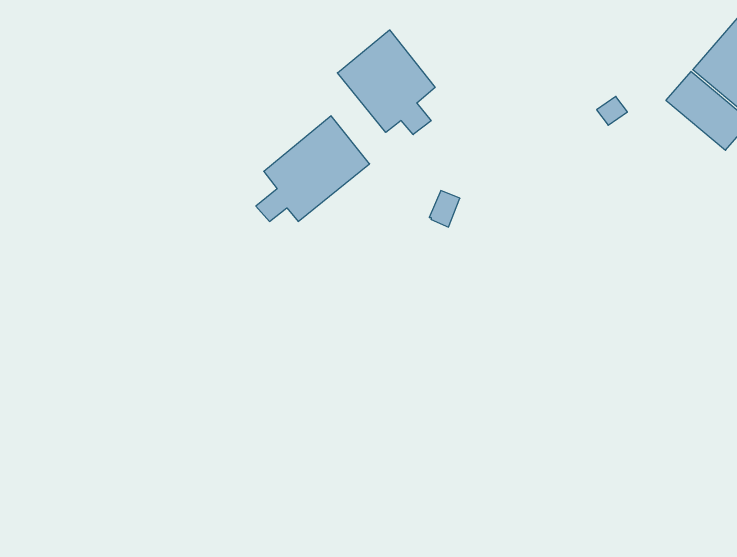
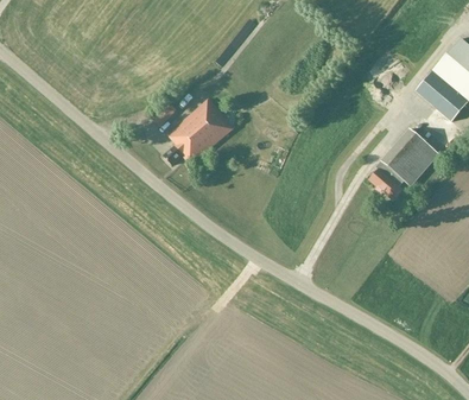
building: [337,30,435,135] -> none
building: none -> [369,127,439,201]

